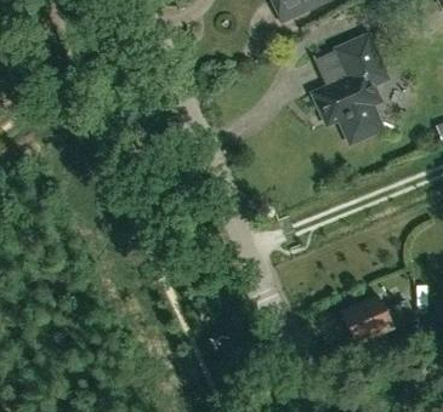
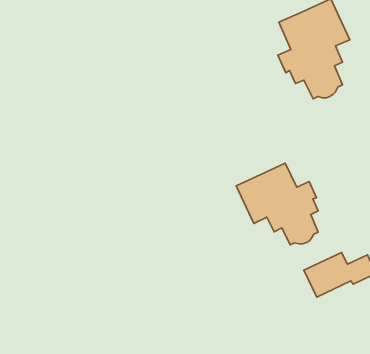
building: none -> [236,163,318,245]

